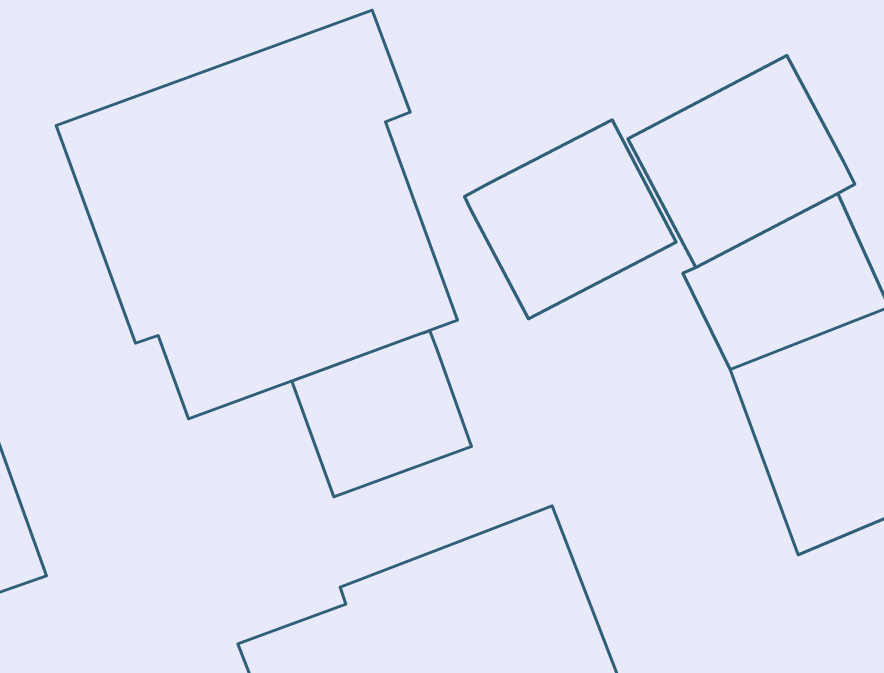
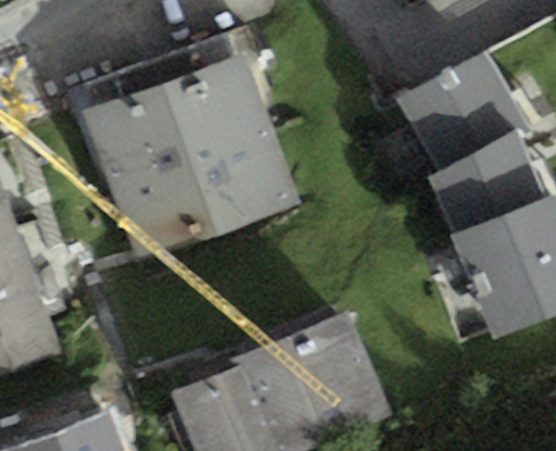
building: [464,120,676,319] -> none
building: [292,331,471,497] -> none

